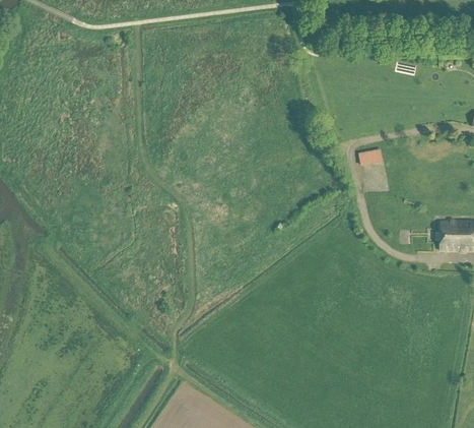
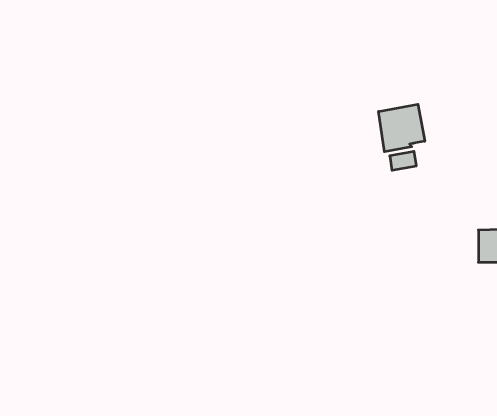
building: none -> [379,104,425,152]

